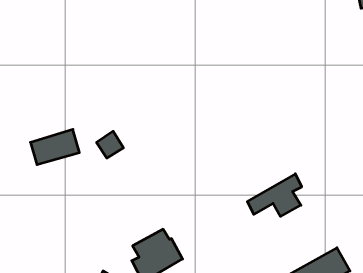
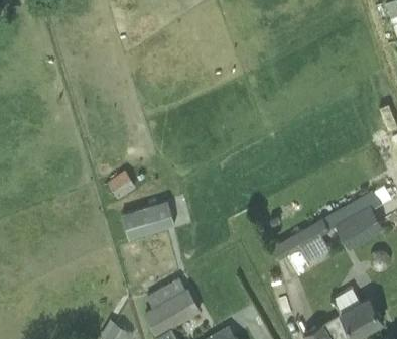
building: [30,129,79,165] -> [121,202,174,240]
building: none -> [335,206,381,248]

